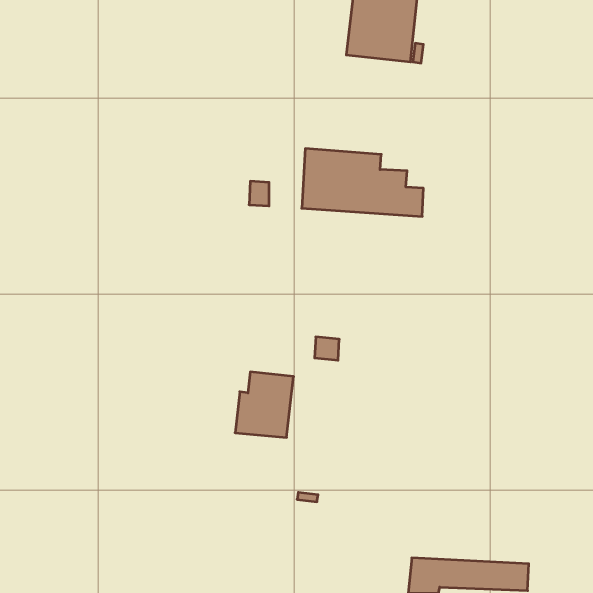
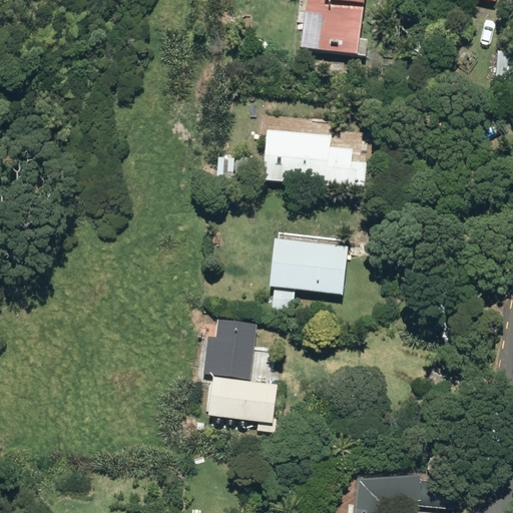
building: none -> [270,237,347,292]
building: none -> [208,377,278,421]

